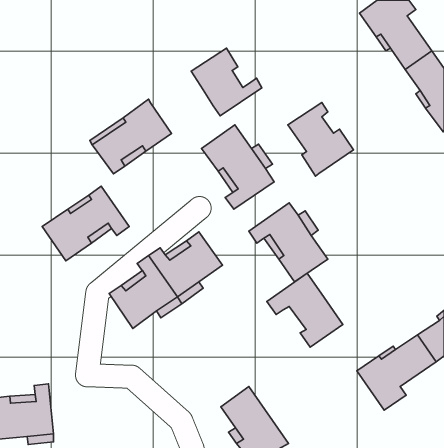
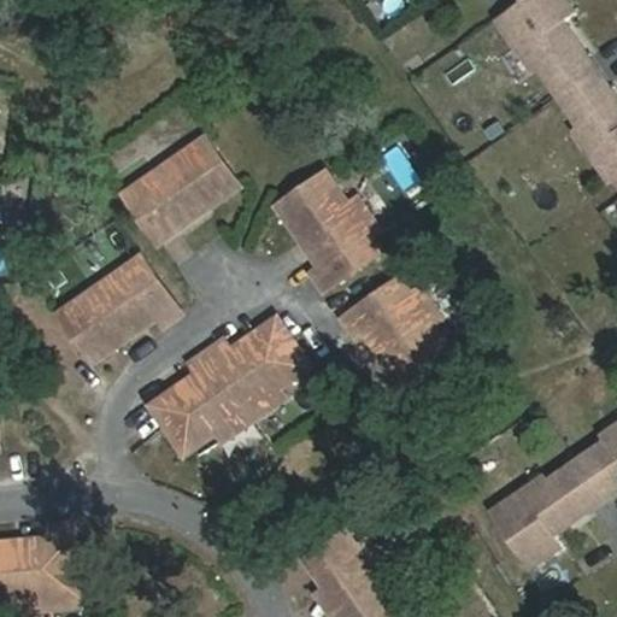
building: [191,48,262,116] -> none
building: [288,103,354,176] -> none
building: [267,273,343,347] -> none

